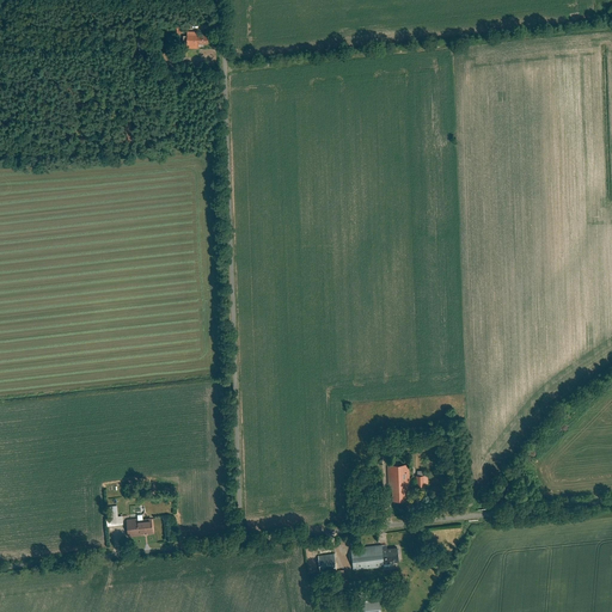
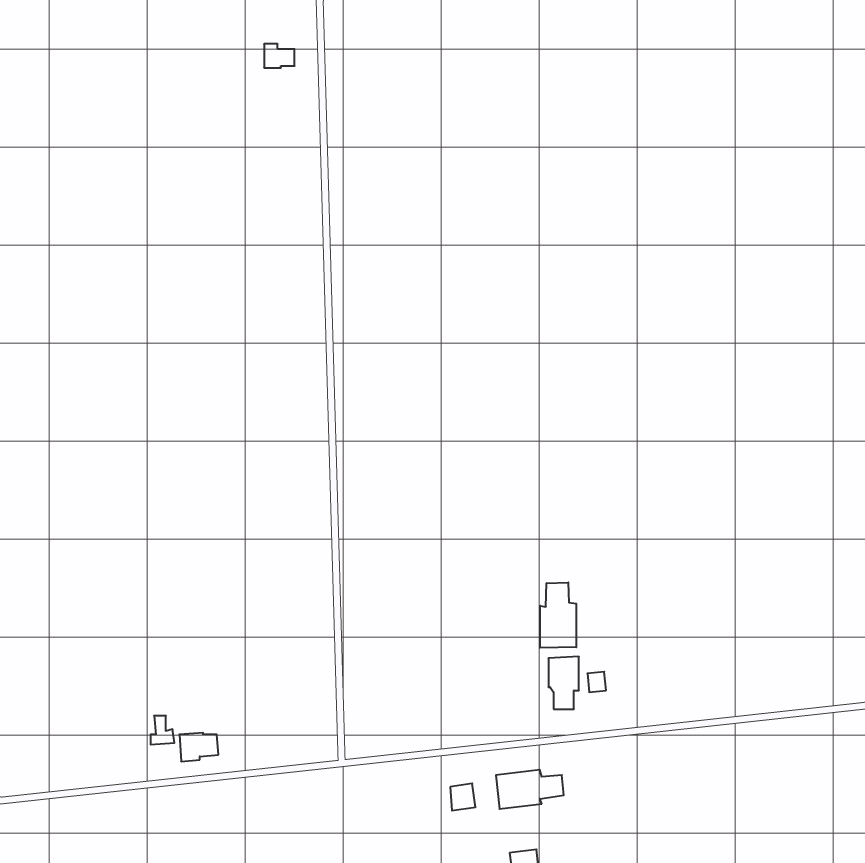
building: none -> [540,582,576,648]

